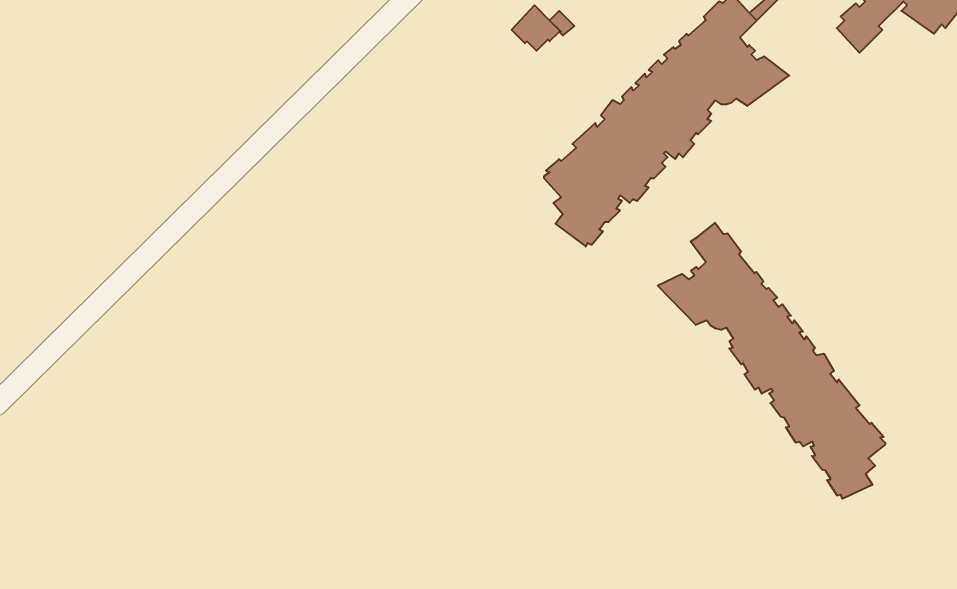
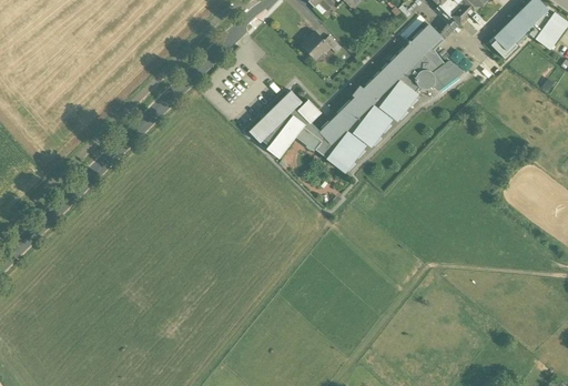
building: none -> [248,90,331,159]
building: [658,223,885,499] -> none

